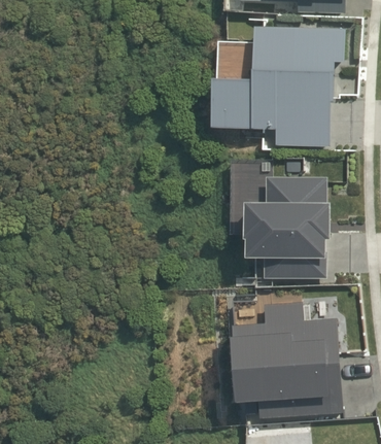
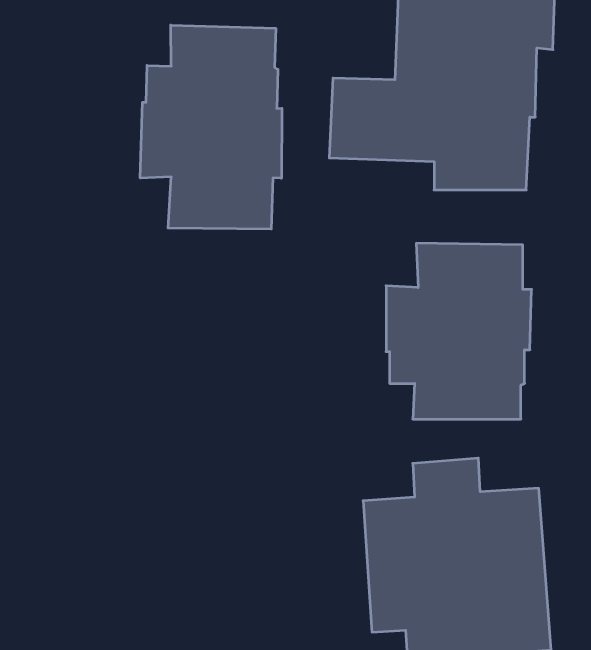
building: none -> [140,25,282,229]

